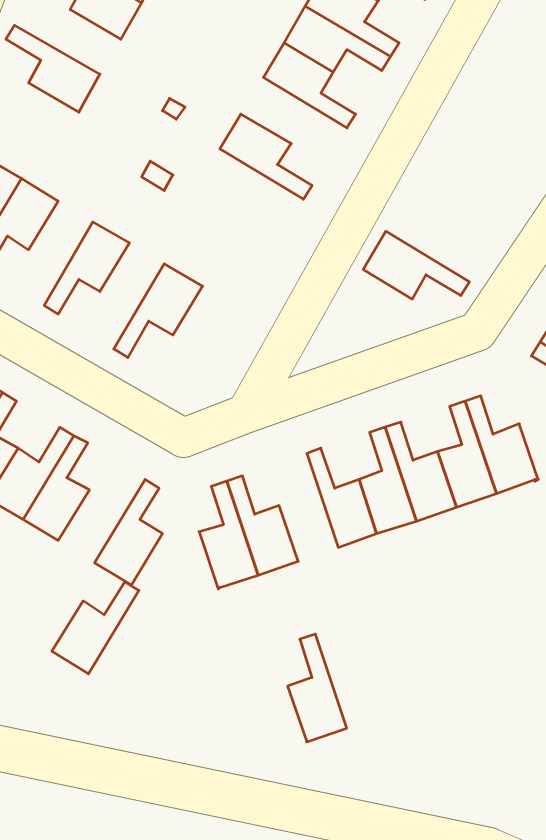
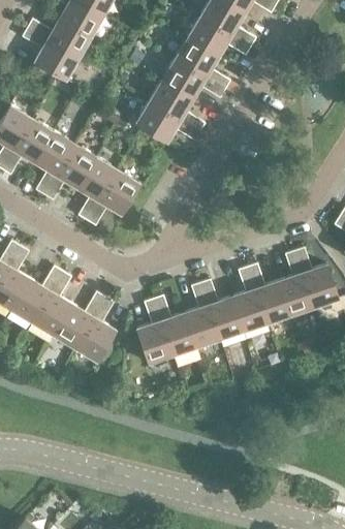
building: none -> [27,19,90,57]
building: none -> [161,59,224,98]
building: none -> [35,132,73,194]
building: [363,231,469,299] -> [135,101,198,142]
building: none -> [77,157,116,220]
building: [52,582,139,674] -> [53,292,104,347]
building: [288,634,347,742] -> [184,282,219,346]

